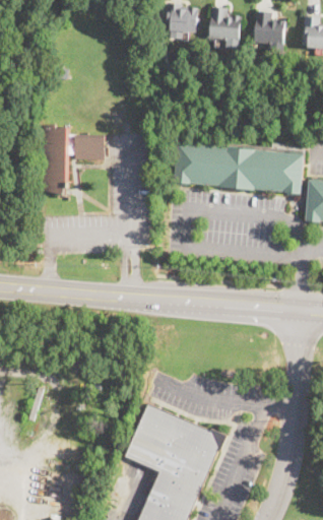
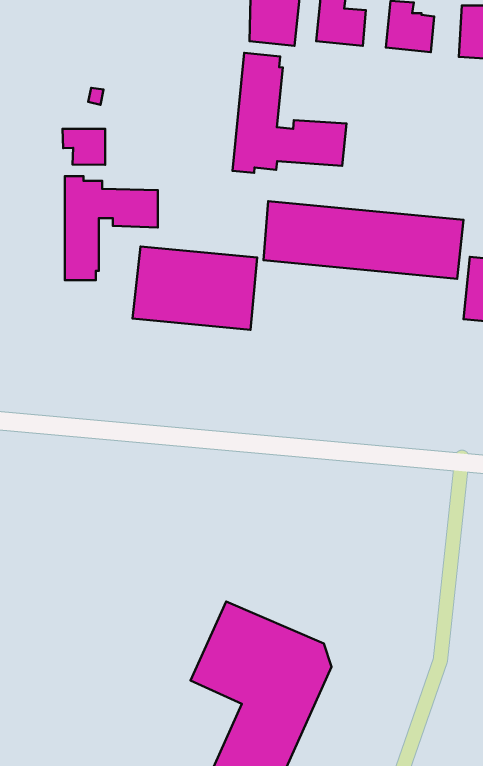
building: none -> [232,53,346,173]
building: none -> [62,129,105,165]
building: none -> [132,247,257,330]

